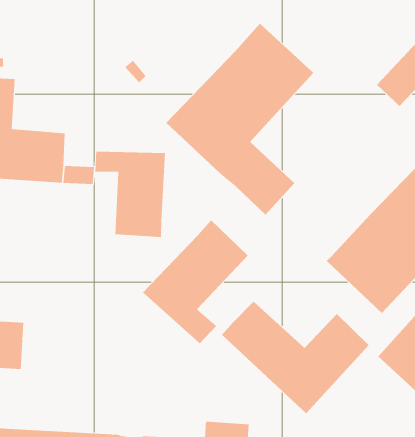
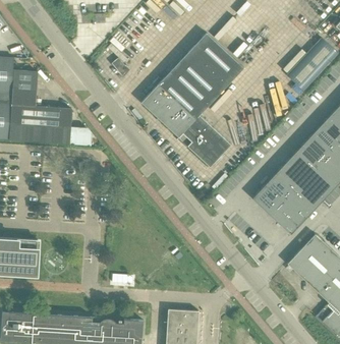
building: [95,151,166,238] -> none
building: [142,219,248,344] -> none
building: [221,301,370,414] -> none

